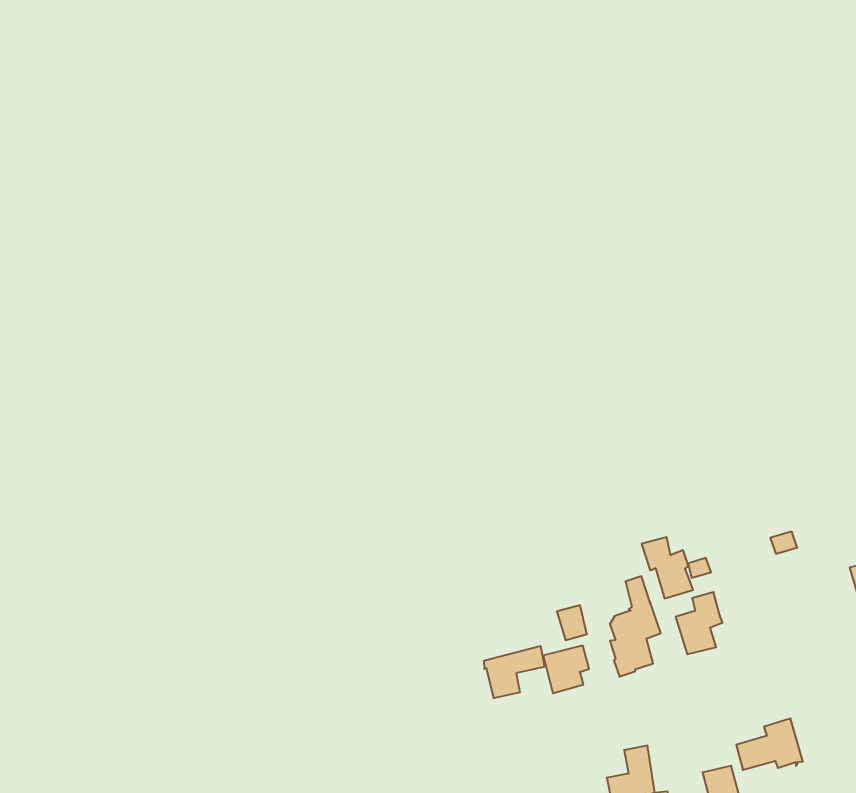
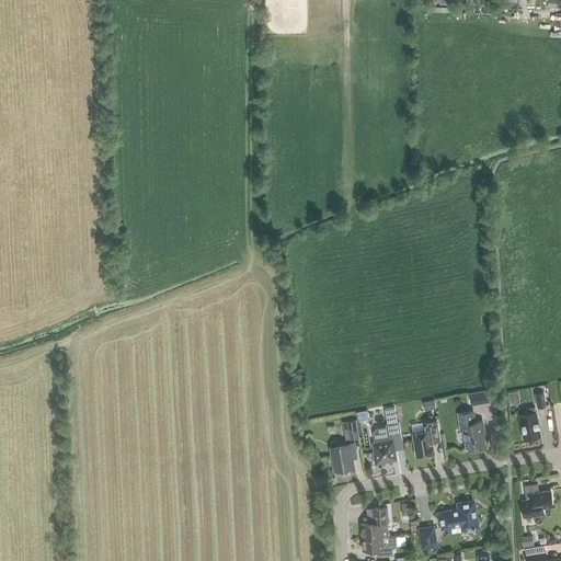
building: [642,537,693,598] -> [457,412,484,448]
building: [484,646,545,698] -> none

